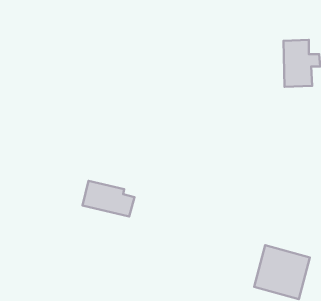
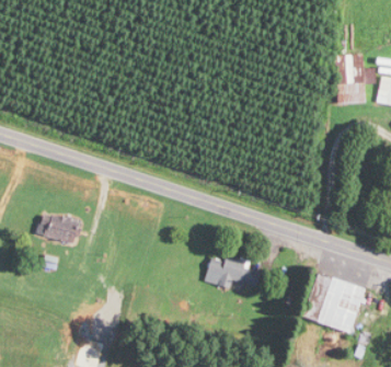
building: [82,181,134,217] -> [205,253,261,291]
building: none -> [37,210,80,243]

